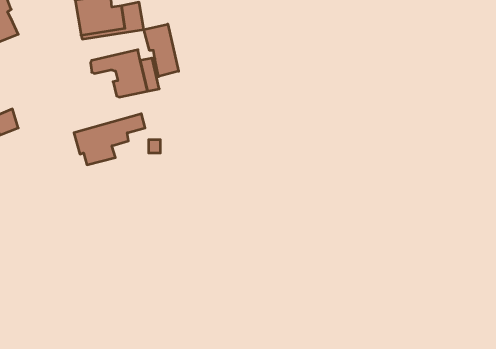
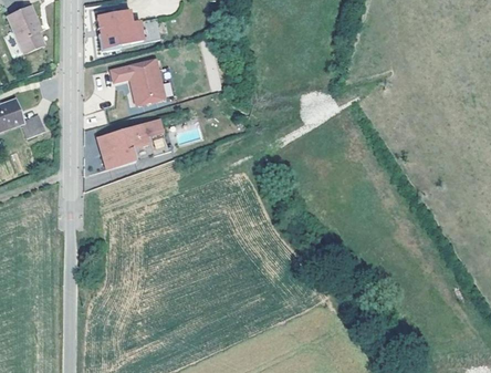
building: [144,24,179,77] -> none

